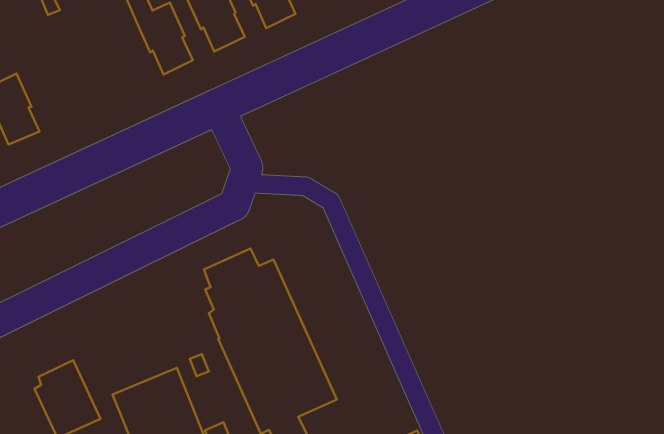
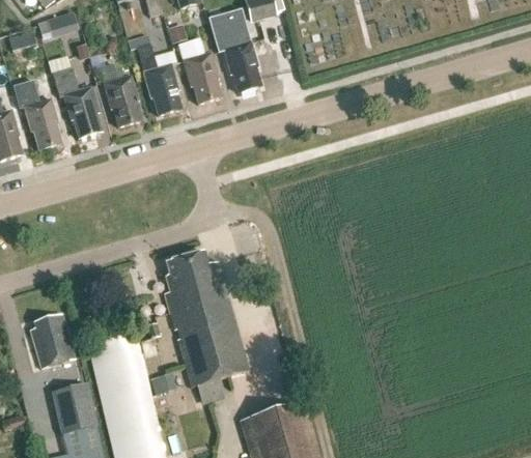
building: none -> [92,61,141,125]
building: none -> [52,66,101,137]

